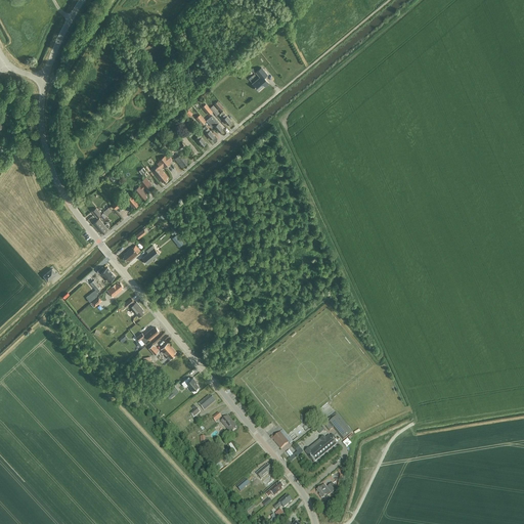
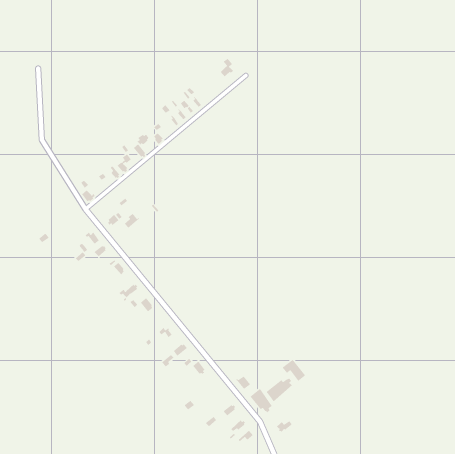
building: none -> [250,388,273,413]

